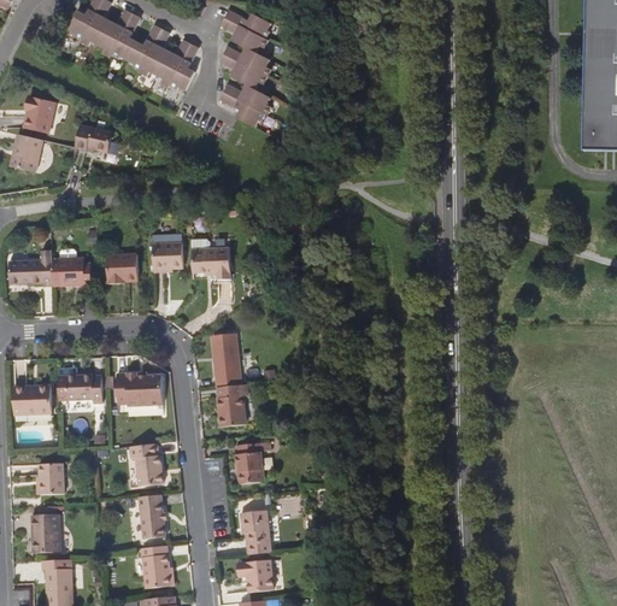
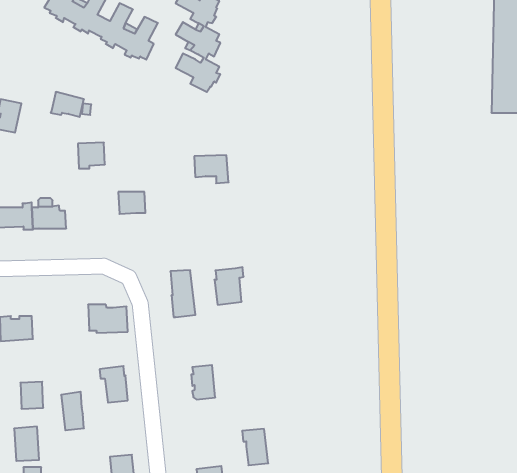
building: [22,96,54,134] -> none
building: [192,246,231,278] -> [194,155,229,183]
building: [107,253,139,283] -> [78,143,105,169]
building: [65,372,102,401] -> none
building: [217,382,251,425] -> [214,267,244,305]
building: [139,493,165,537] -> [61,392,84,430]
building: [241,511,271,553] -> [242,429,268,465]

